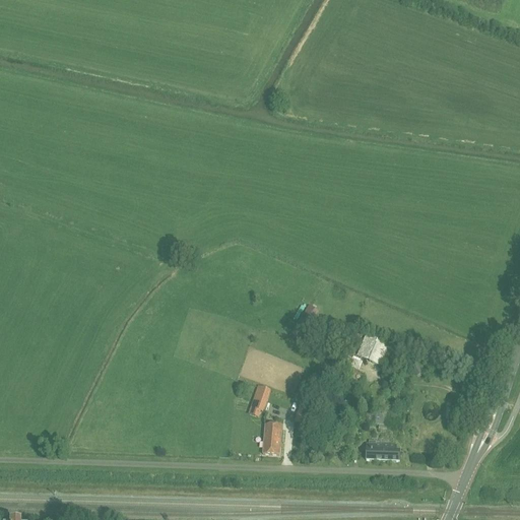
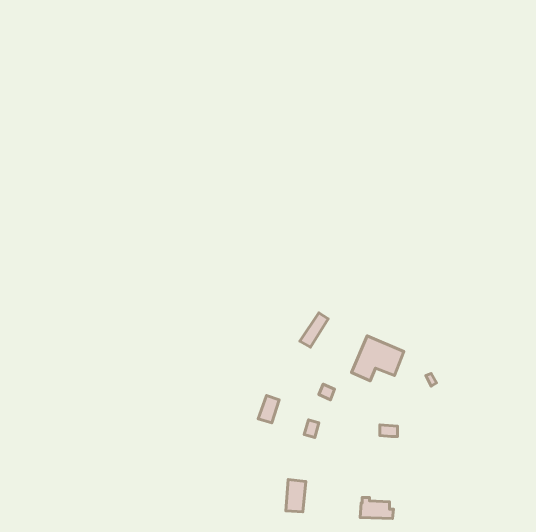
building: [263,421,282,453] -> [286,479,306,512]
building: [367,438,399,458] -> [360,498,394,519]

